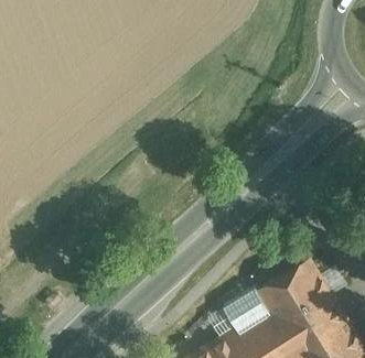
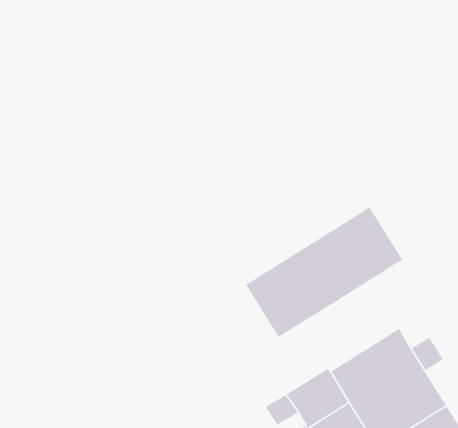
building: none -> [245,207,403,338]

